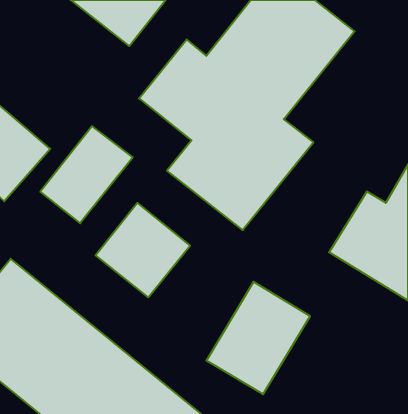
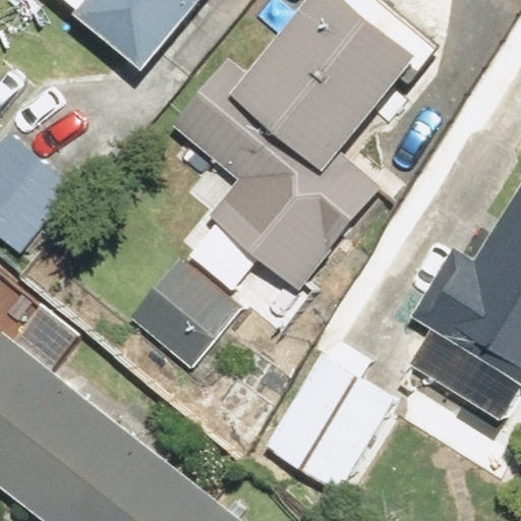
building: [40,126,133,223] -> none

